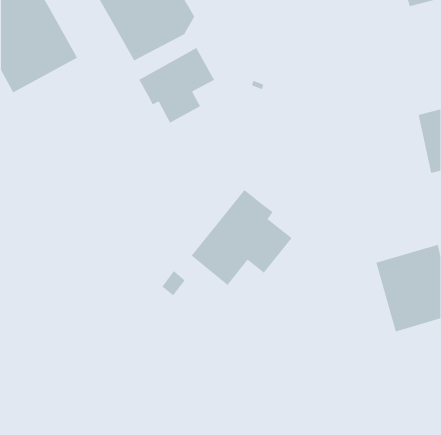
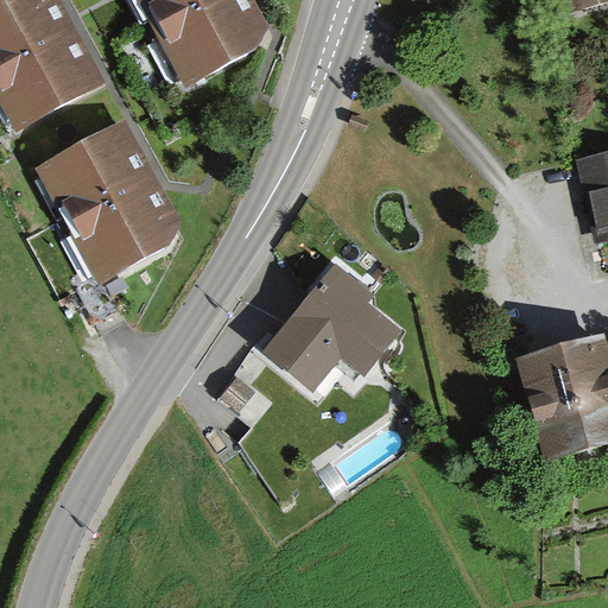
building: [138,47,215,123] -> none
building: none -> [39,120,179,281]

